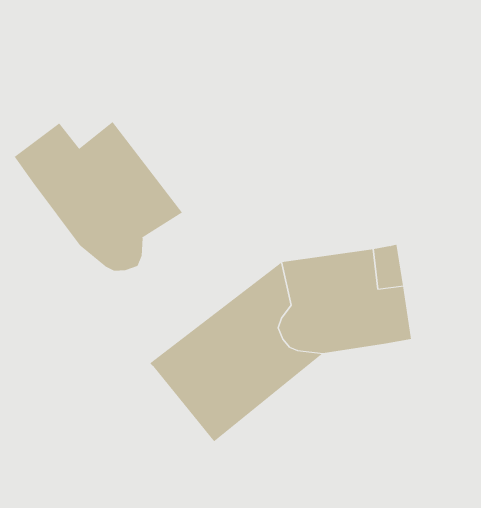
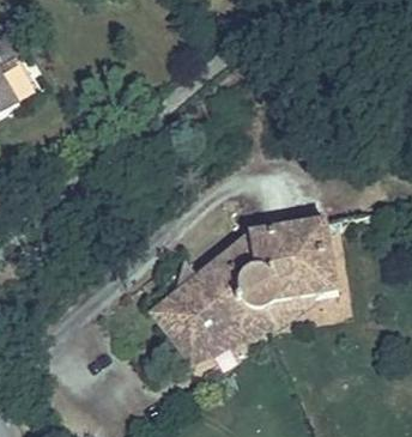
building: [14,121,183,271] -> none

